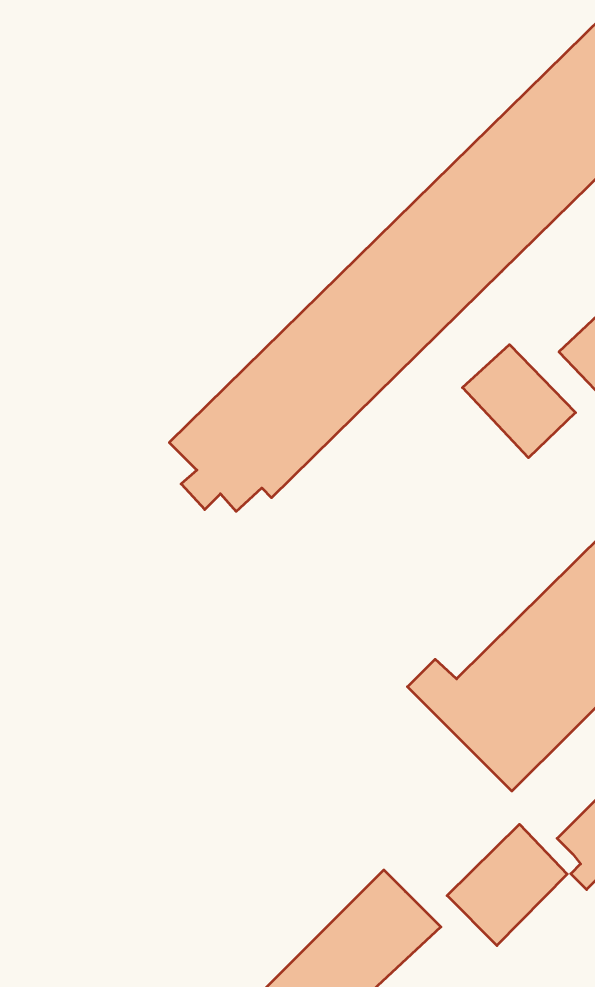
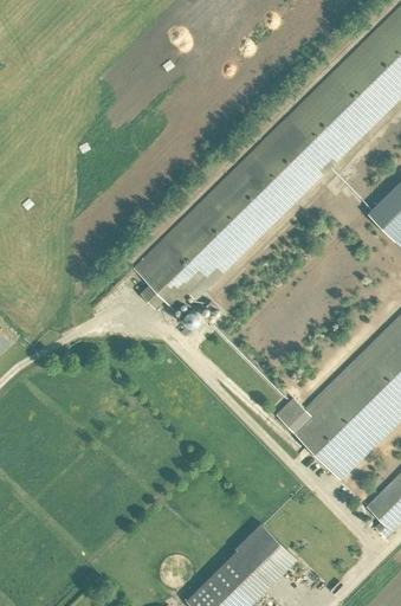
building: [462,345,576,458] -> none
building: [447,824,567,946] -> none

